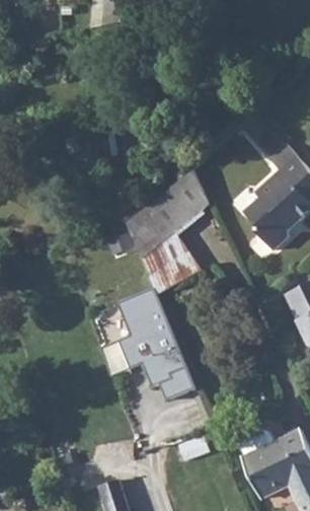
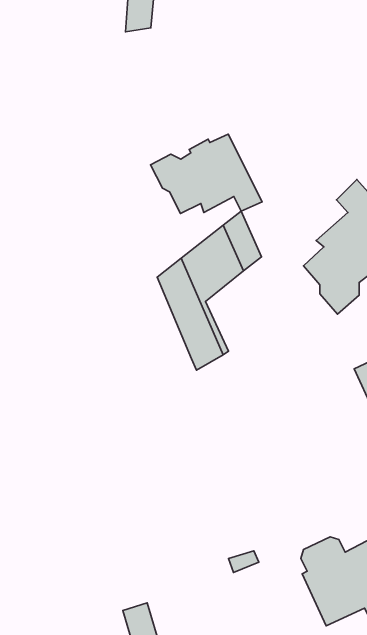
building: none -> [151,134,262,213]
building: [118,287,196,399] -> none

